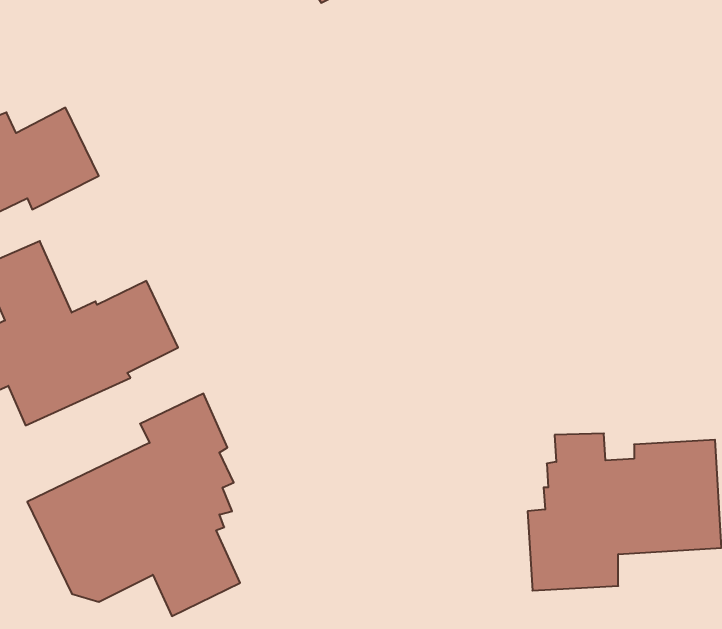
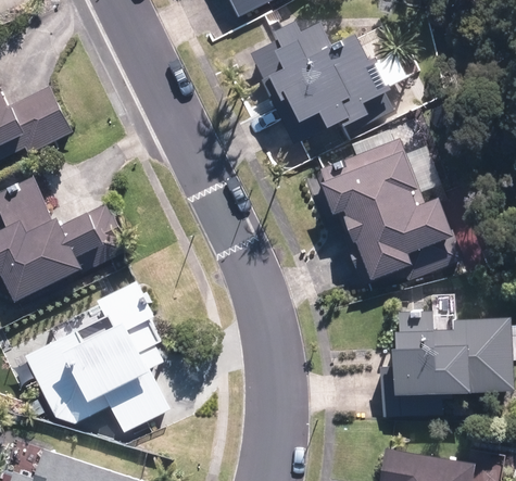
building: none -> [242,17,387,143]
building: none -> [311,136,455,279]

